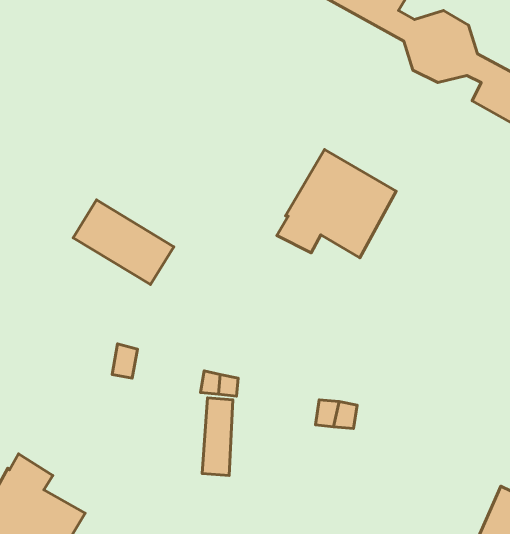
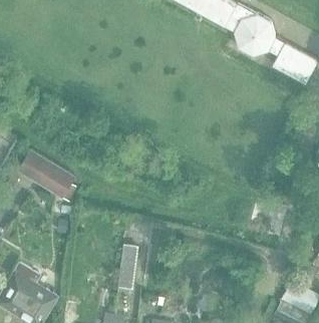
building: [277,150,396,258] -> none
building: [73,200,174,285] -> [18,153,74,201]

